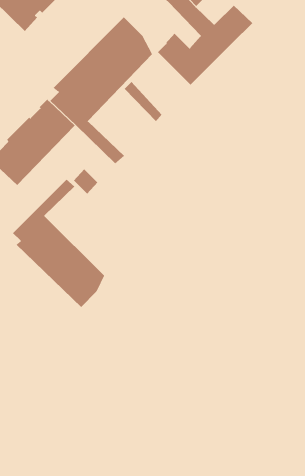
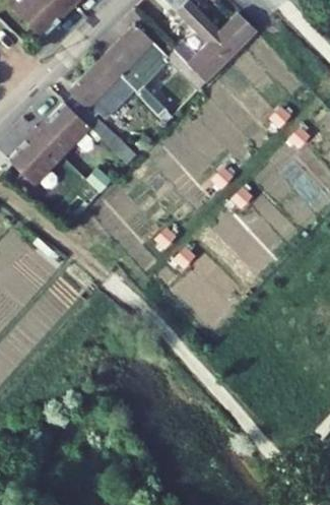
building: [12,179,105,308] -> none

